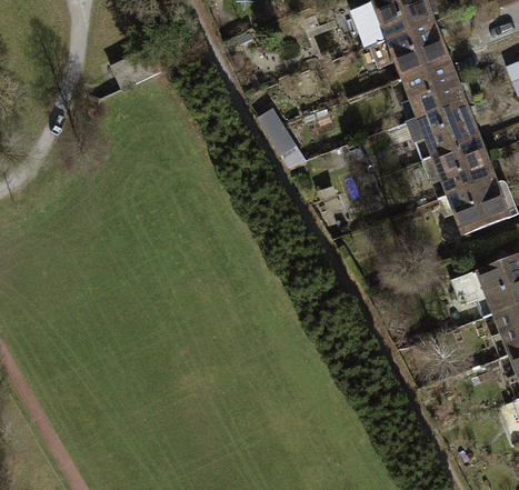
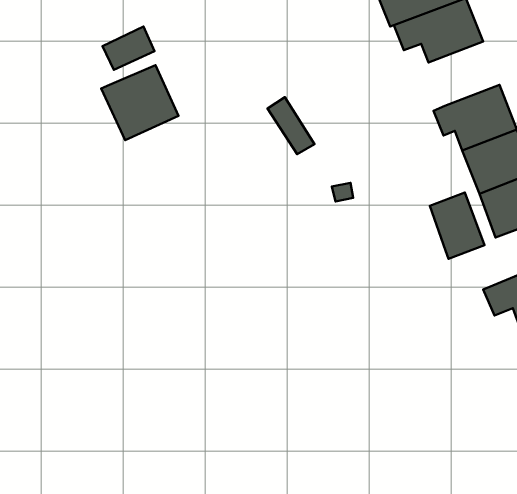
building: [402,60,466,118] -> none
building: none -> [101,65,179,140]
building: none -> [430,193,485,259]

